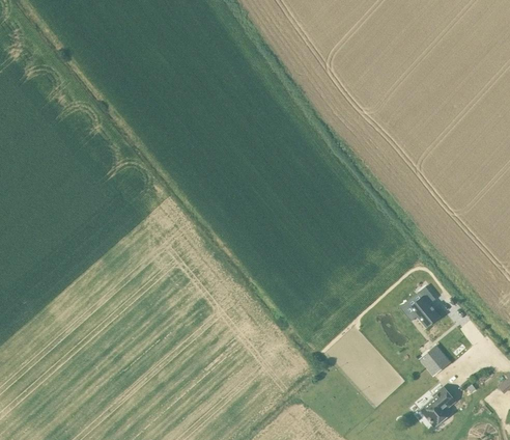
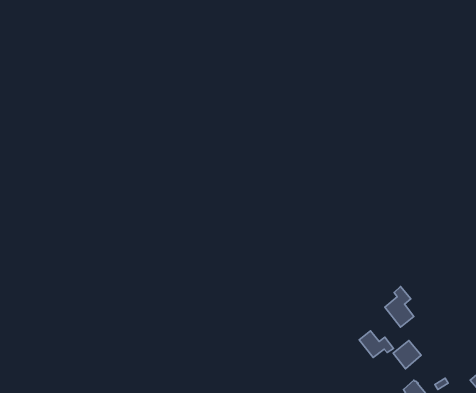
building: none -> [359,331,393,357]

